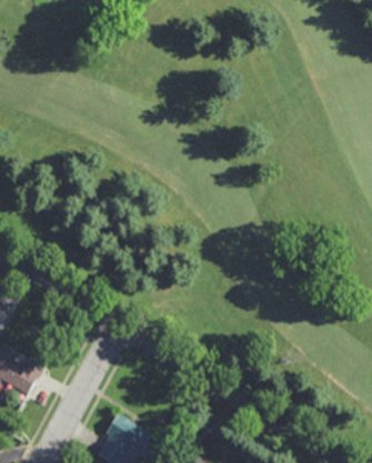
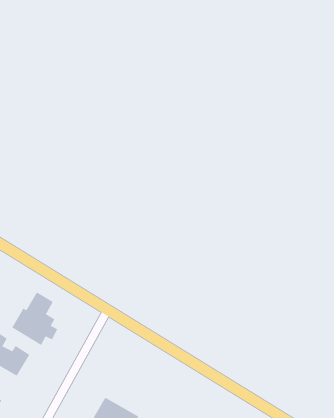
building: none -> [11,291,58,346]

